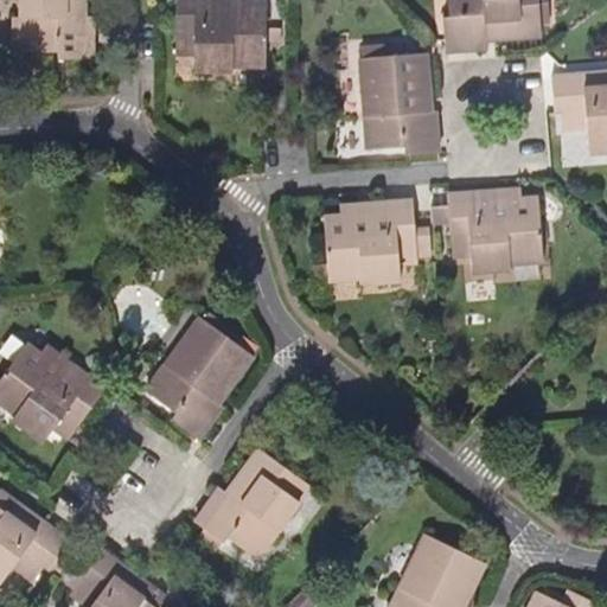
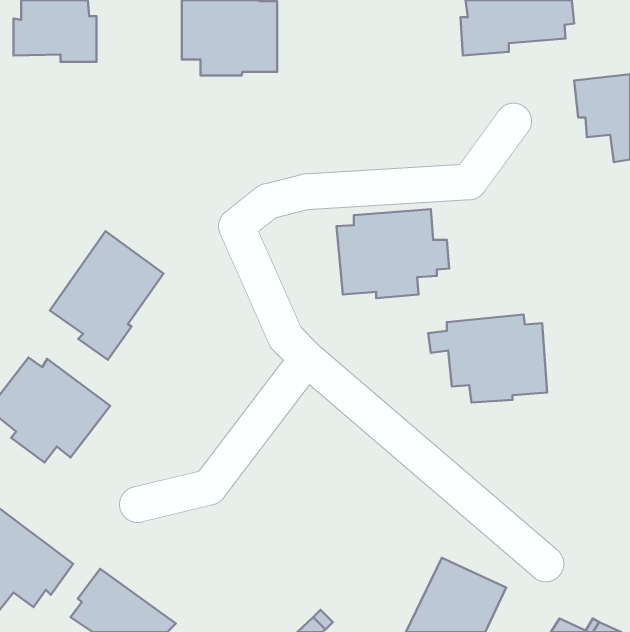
building: [358,49,439,155] -> none
building: [429,190,543,274] -> [428,315,547,402]
building: [143,317,253,440] -> [50,231,164,360]
building: [193,448,311,560] -> none

